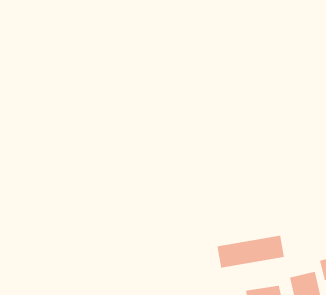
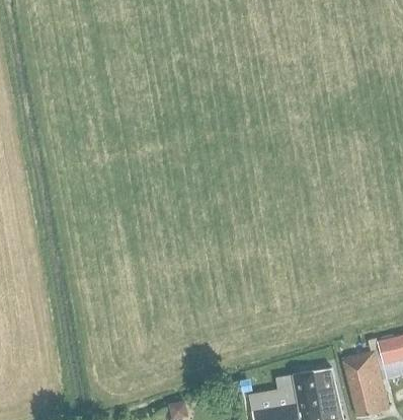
building: [217,235,284,269] -> none

